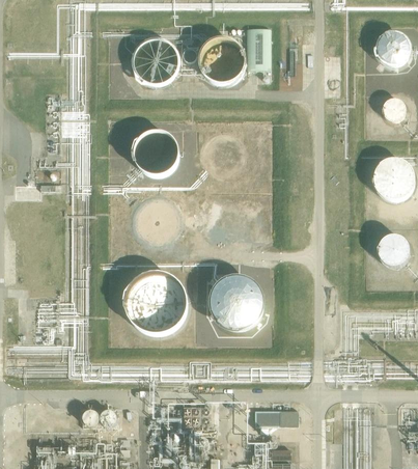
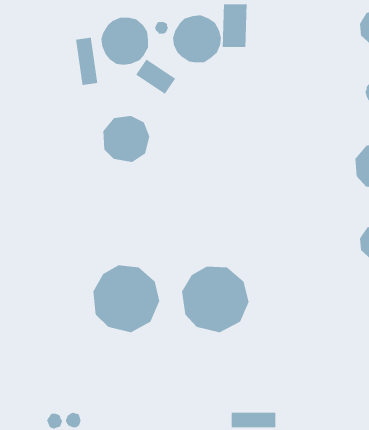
building: none -> [75,37,98,86]
building: none -> [135,59,176,95]

